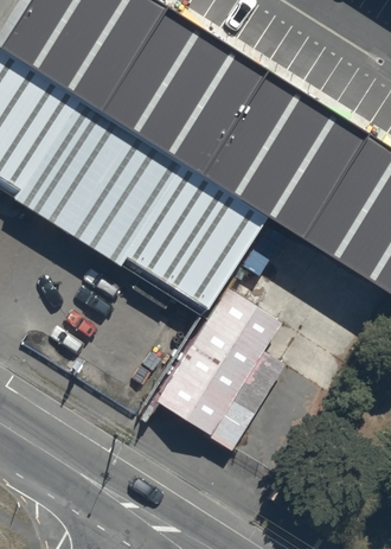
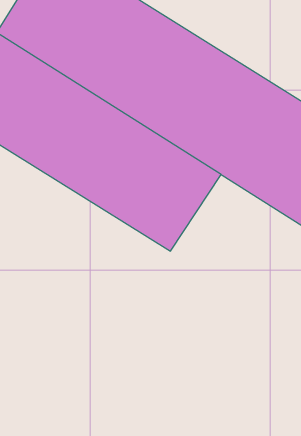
building: [158,295,281,441] -> none

